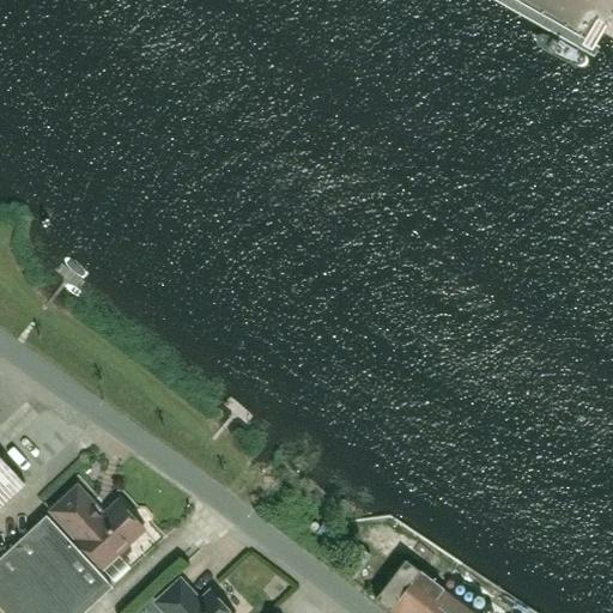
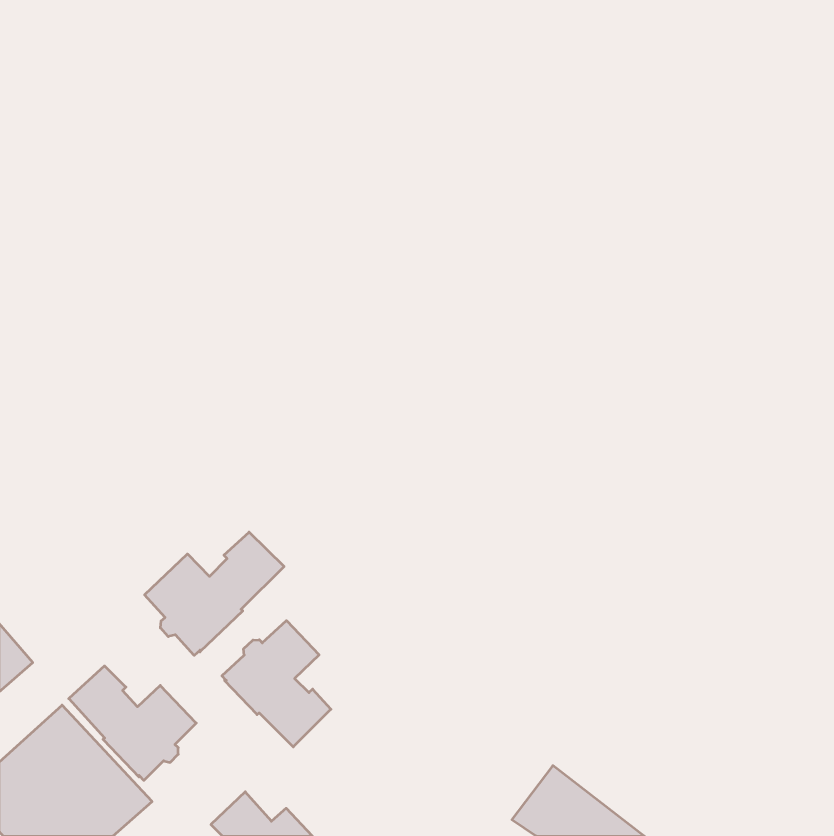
building: none -> [145,532,284,655]
building: none -> [222,621,331,747]

